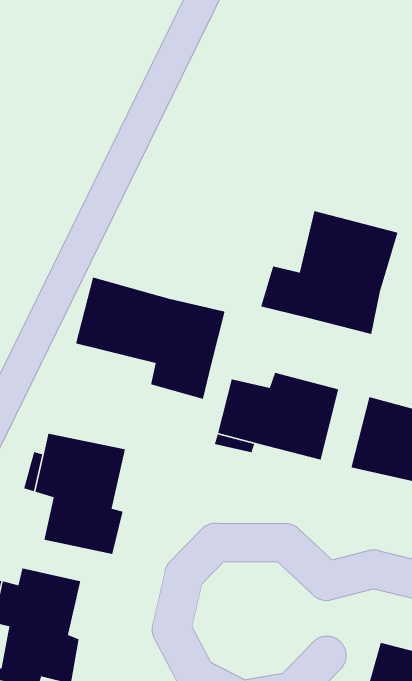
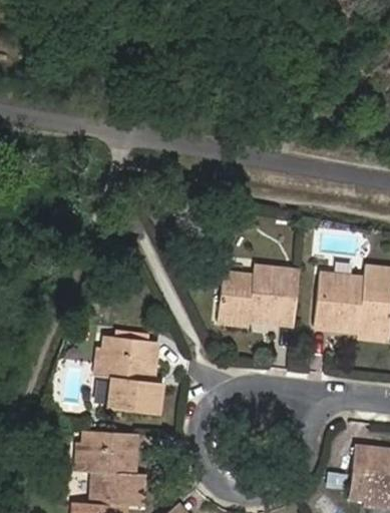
building: [260,210,398,335] -> none
building: [75,277,225,400] -> none

